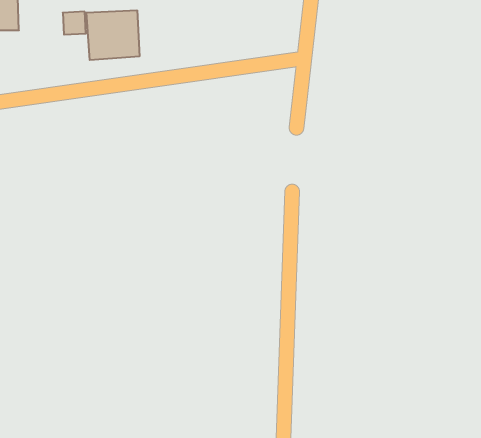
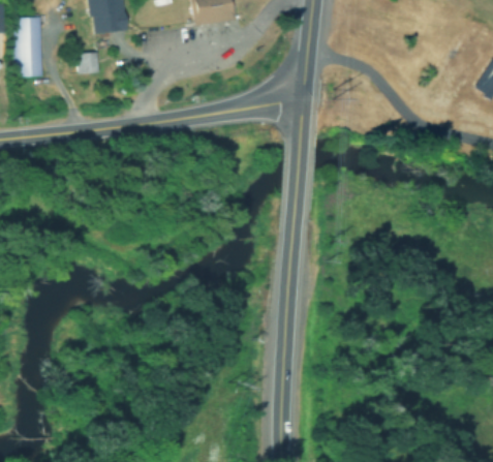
building: [86,10,139,60] -> none

